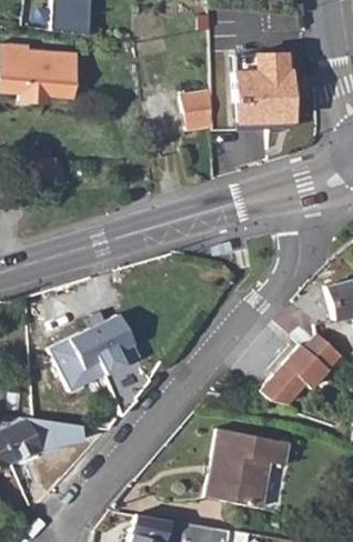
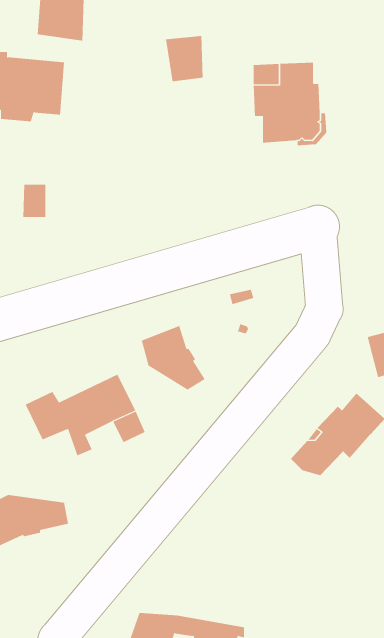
building: [182,91,214,130] -> [165,35,204,82]
building: none -> [141,325,205,390]
building: [208,428,289,509] -> none

